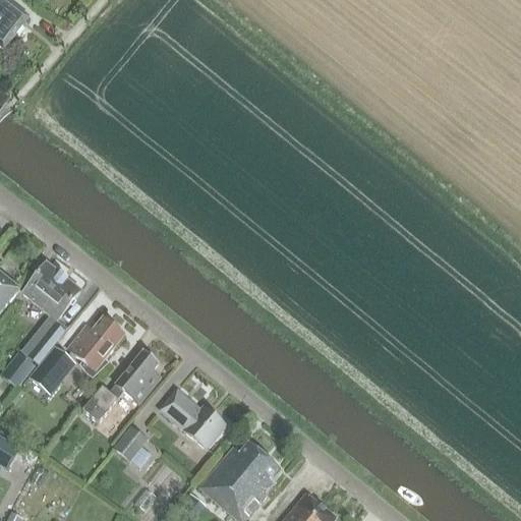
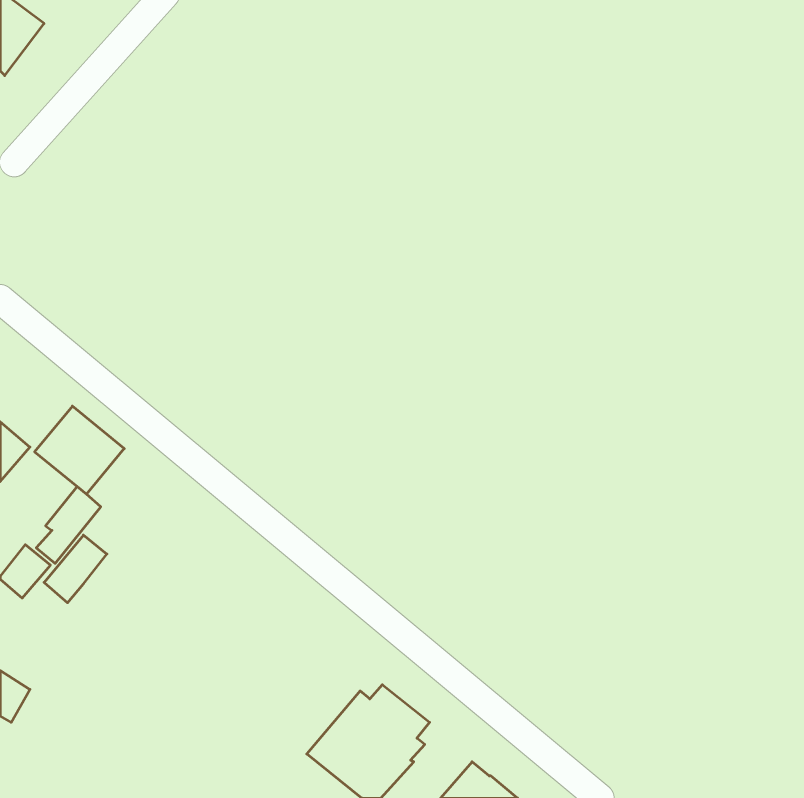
building: [66,316,124,374] -> none
building: [82,350,161,422] -> none
building: [160,390,226,449] -> none
building: [111,424,146,461] -> none

